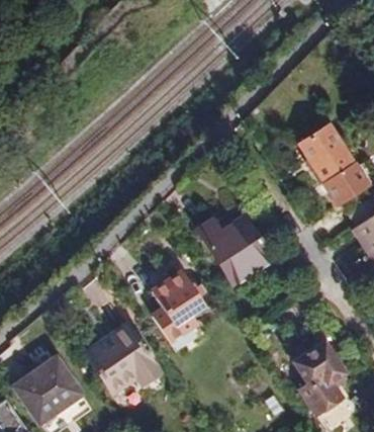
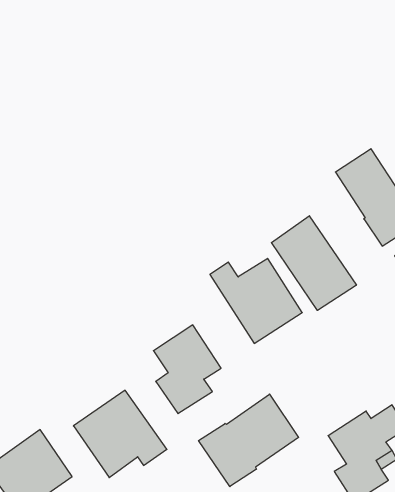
building: none -> [271,216,356,310]
building: none -> [199,394,299,487]

